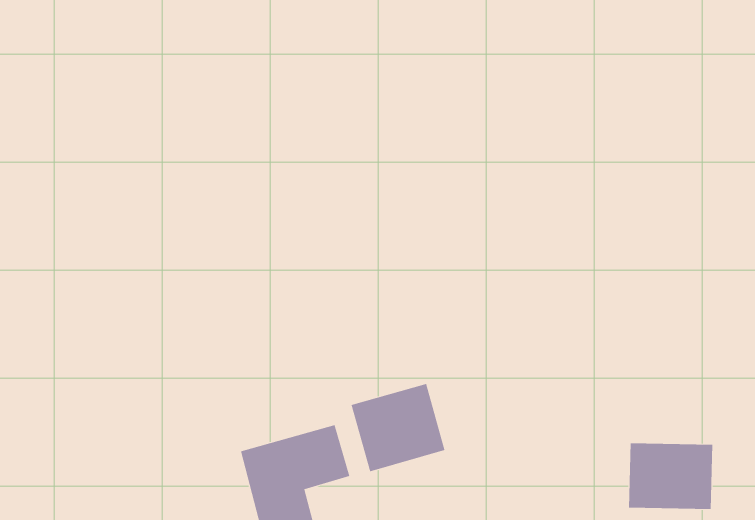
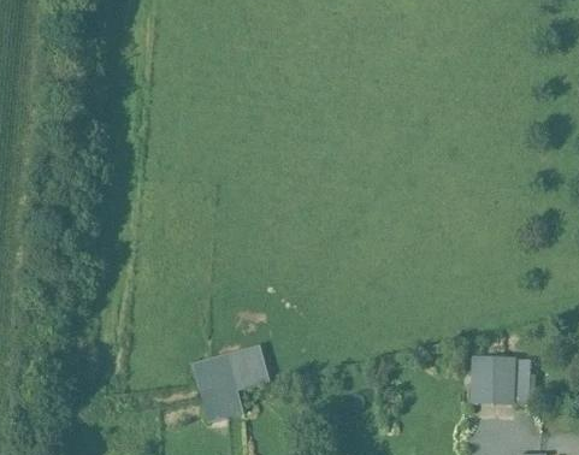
building: [351,383,445,472] -> none

